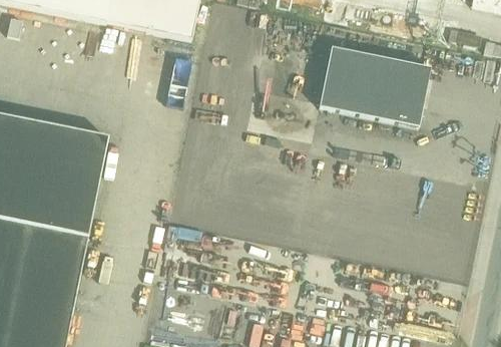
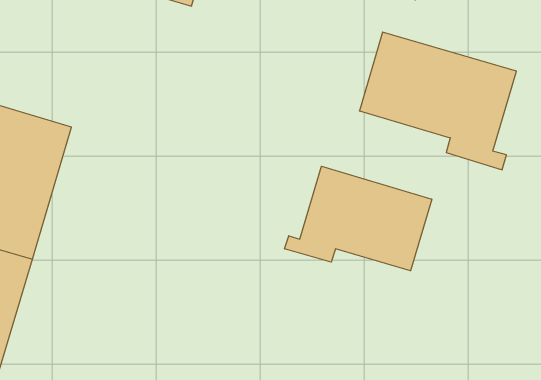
building: none -> [285,166,432,271]

